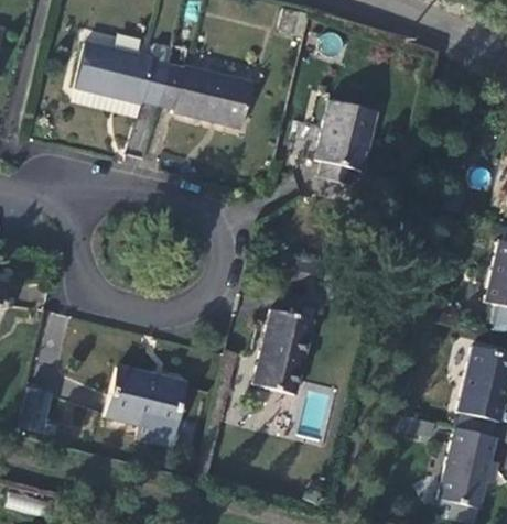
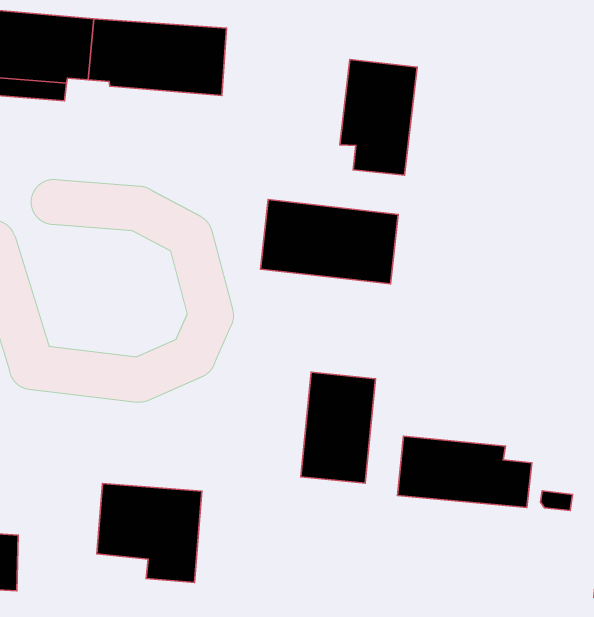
building: none -> [260,200,398,284]
building: none -> [398,436,532,508]

